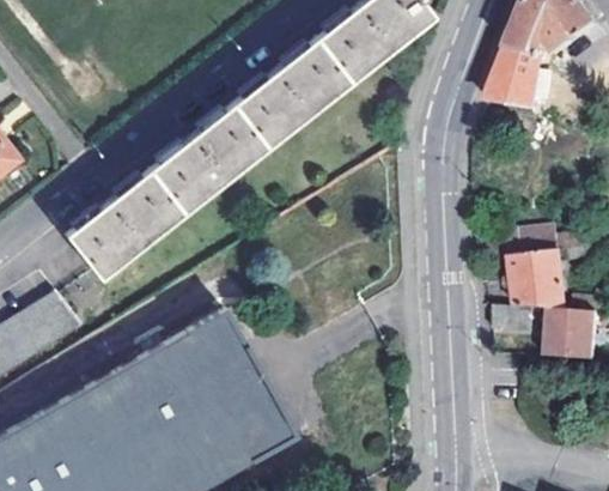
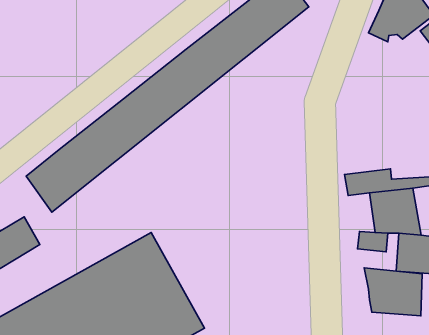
building: [486,51,535,111] -> none
building: none -> [364,268,422,316]

